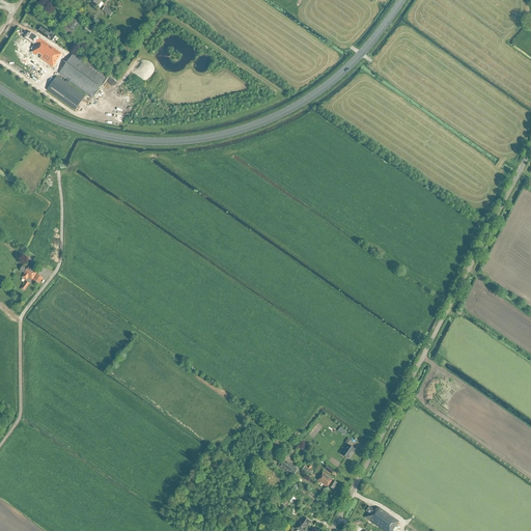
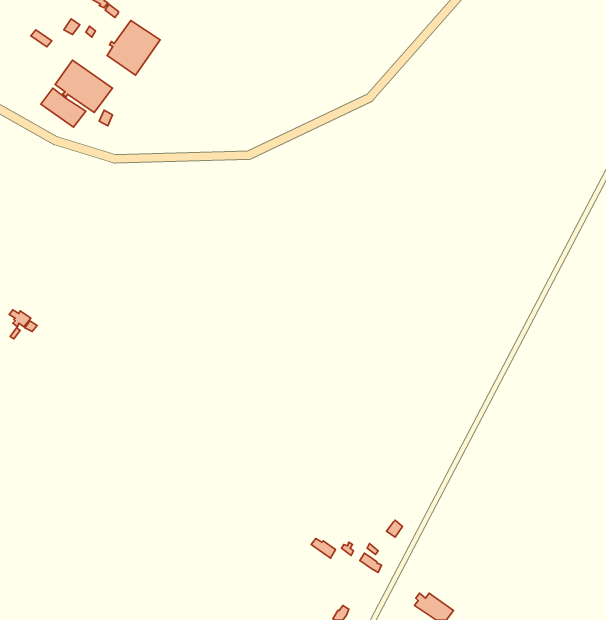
building: none -> [107,20,160,75]
building: [27,32,61,66] -> none

